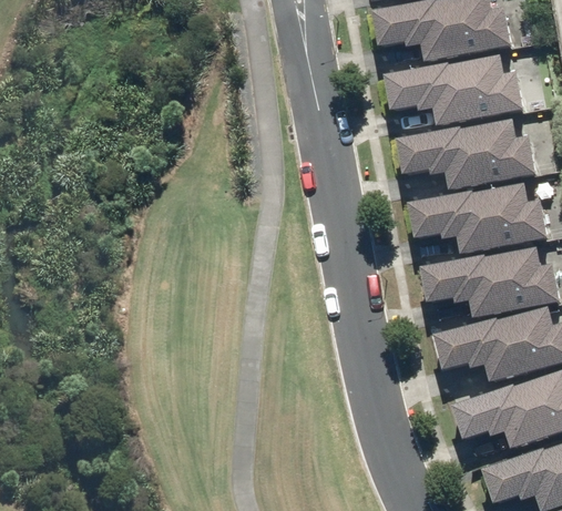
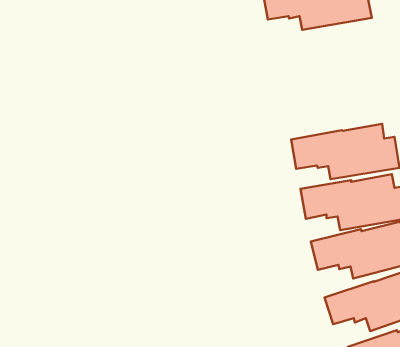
building: [384,54,524,125] -> none
building: [396,119,537,190] -> none

